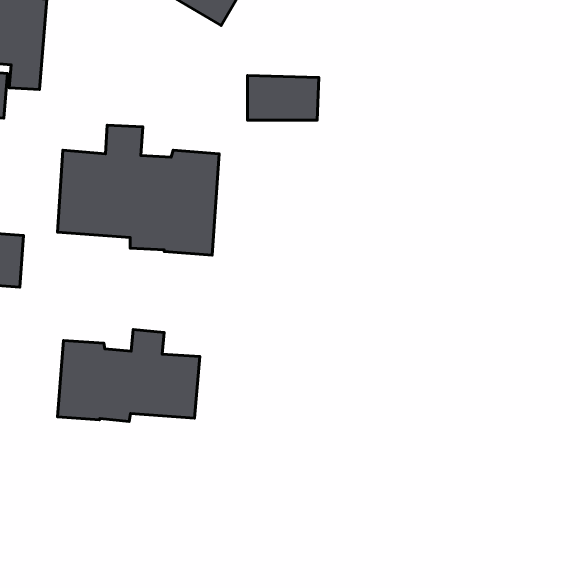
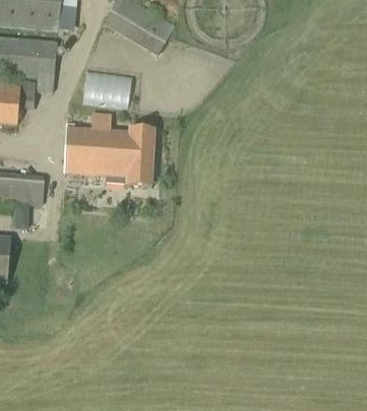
building: [248,76,319,120] -> [91,77,132,102]
building: [57,330,200,421] -> none

